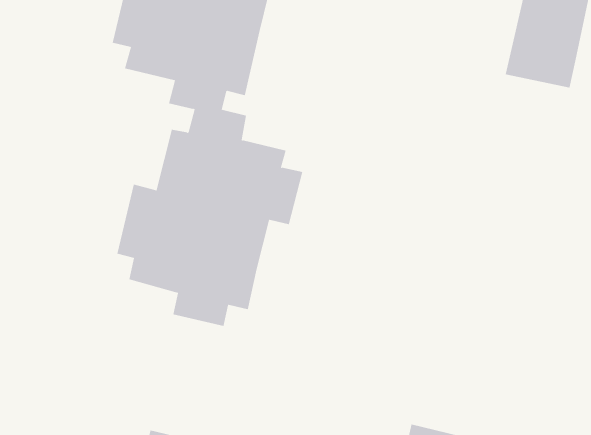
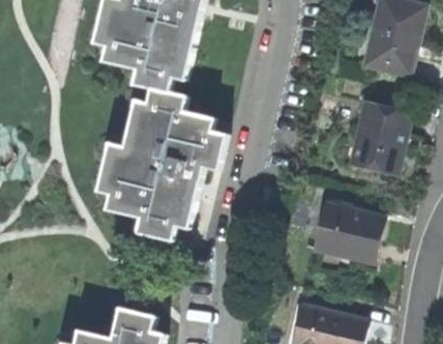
building: none -> [350,103,405,173]
building: none -> [313,197,380,261]

